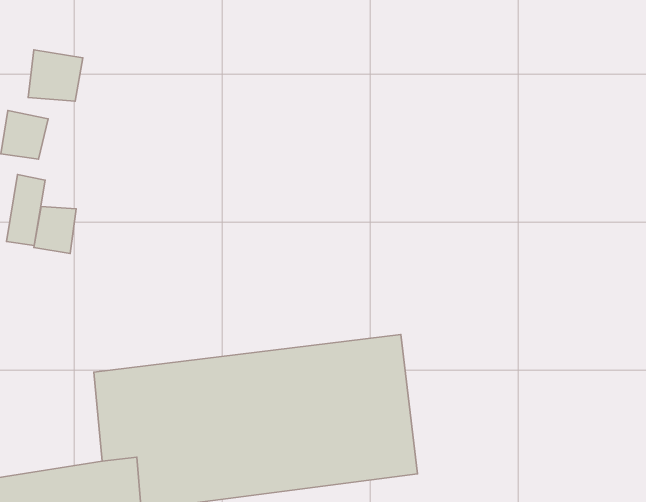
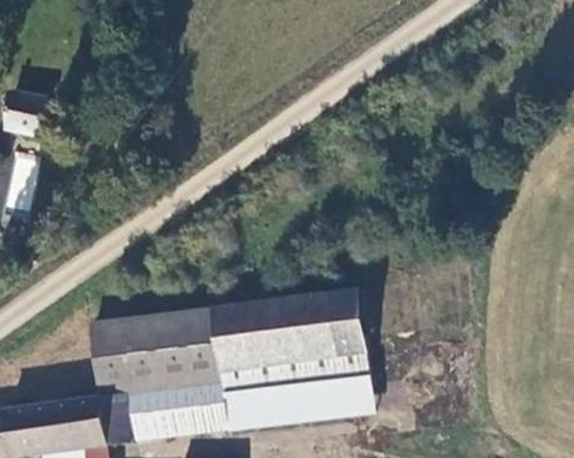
building: [28,50,83,101] -> none
building: [34,207,76,254] -> none

